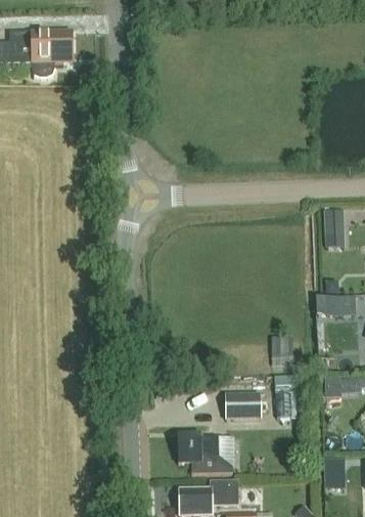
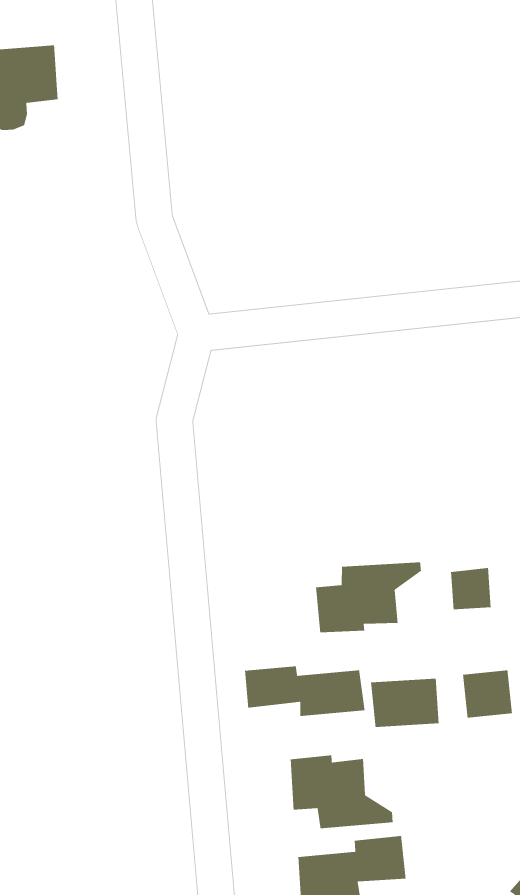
building: none -> [315,561,422,633]
building: none -> [244,666,366,717]

